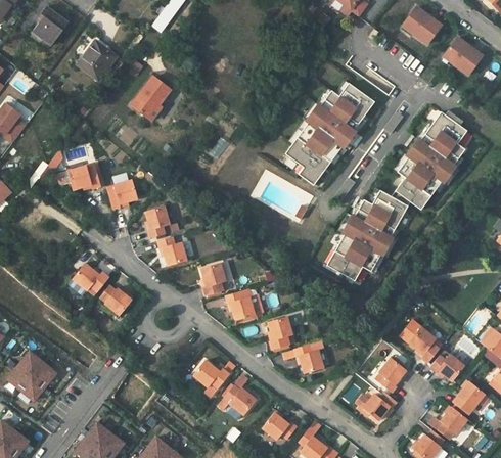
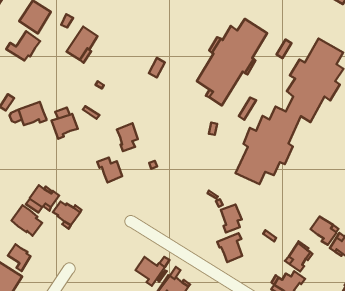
building: none -> [6,31,40,61]
building: [145,205,170,238] -> [117,123,138,151]
building: [201,263,225,296] -> none
building: none -> [12,205,42,236]
building: [225,288,263,321] -> none
building: [268,317,292,350] -> [221,205,242,232]
building: none -> [8,244,31,271]

